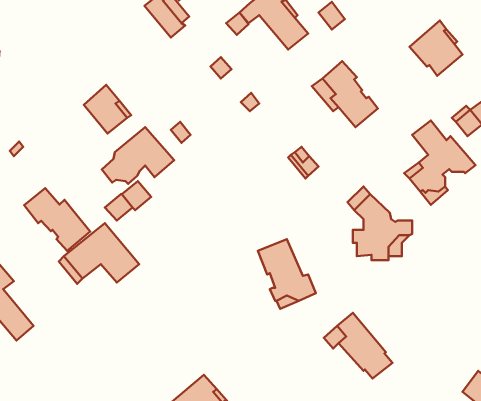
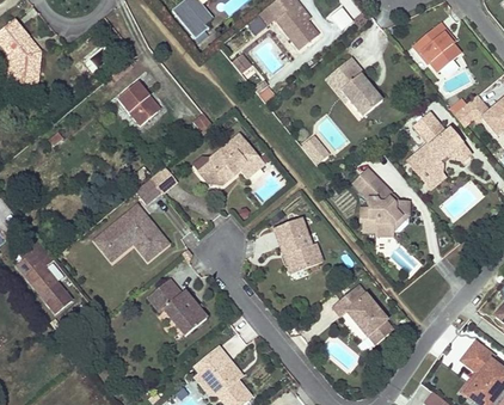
building: [102,127,174,184] -> [198,134,264,185]
building: [24,188,90,251] -> none
building: none -> [148,280,208,336]

